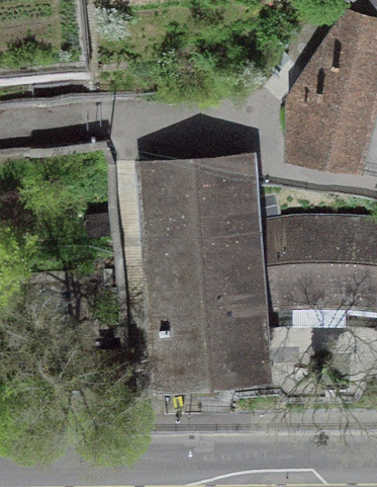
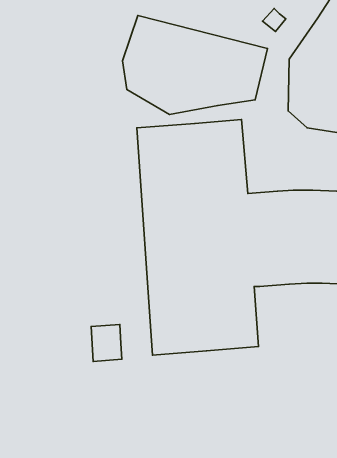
building: none -> [123,16,268,115]

